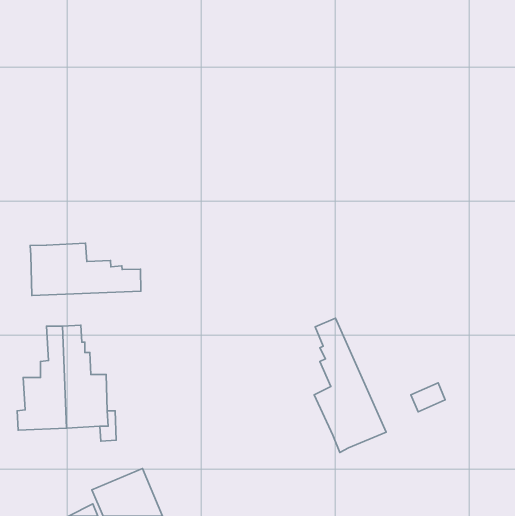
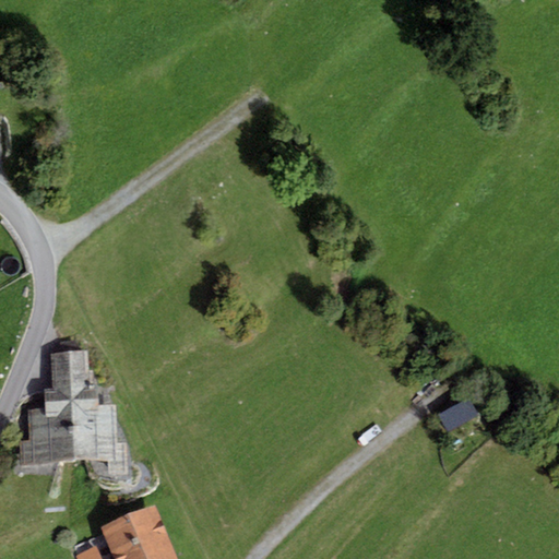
building: [30,243,141,296] -> none
building: [314,318,386,452] -> none

